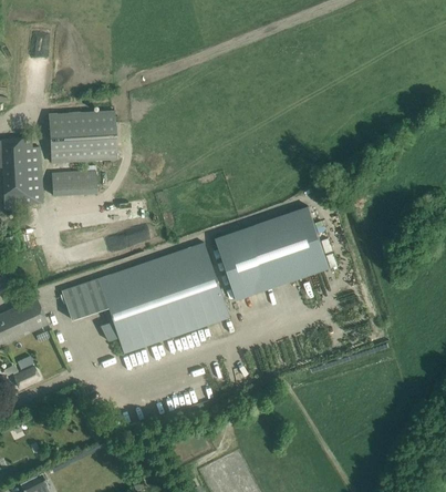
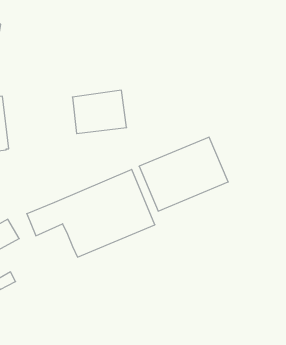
building: [49,110,117,163] -> [72,90,127,134]
building: [50,170,95,194] -> none

